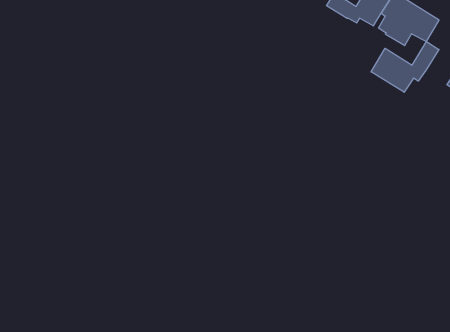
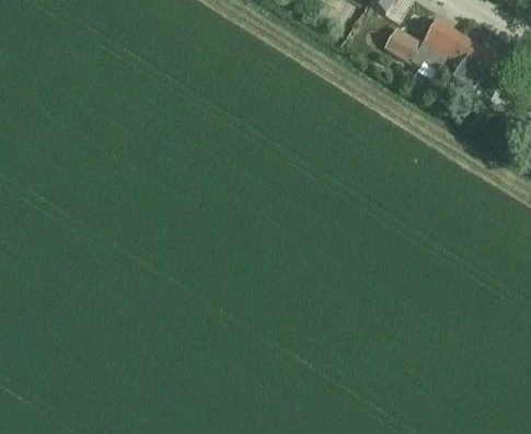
building: [371,42,439,92] -> none

